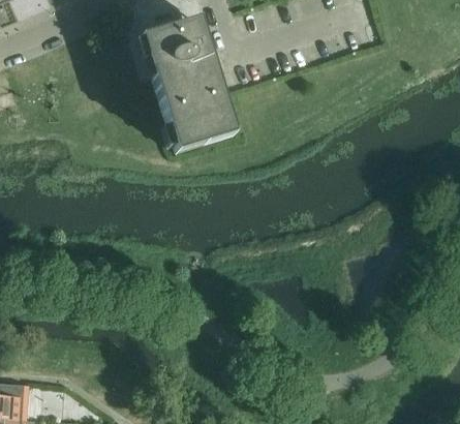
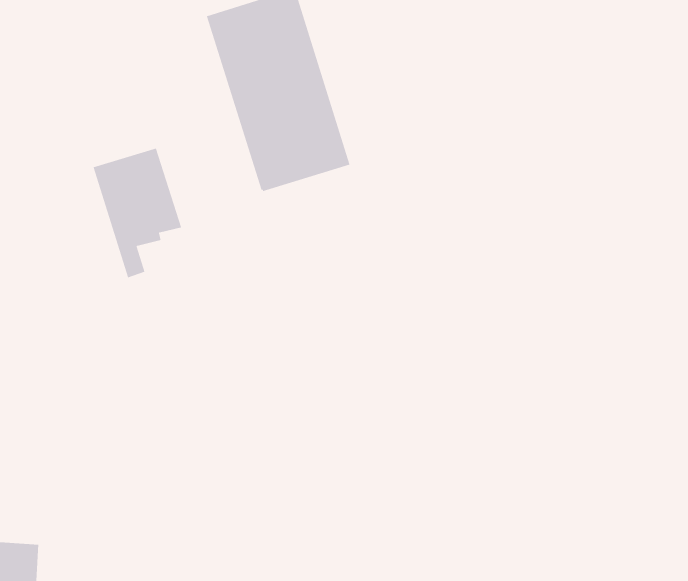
building: none -> [92,147,182,278]

